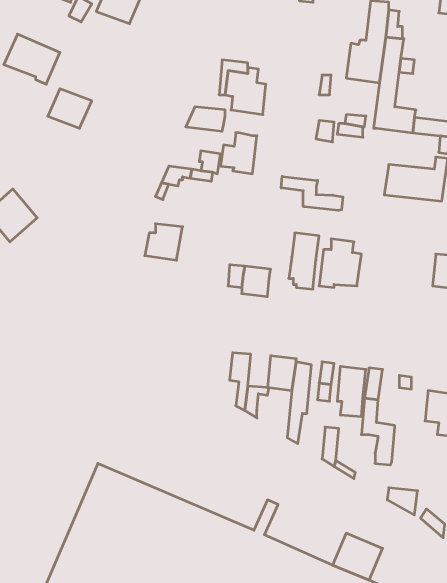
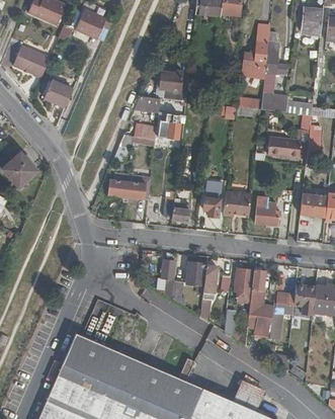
building: [281,176,343,210] -> none
building: none -> [128,175,149,213]
building: none -> [253,205,277,227]
building: none -> [271,292,295,333]

